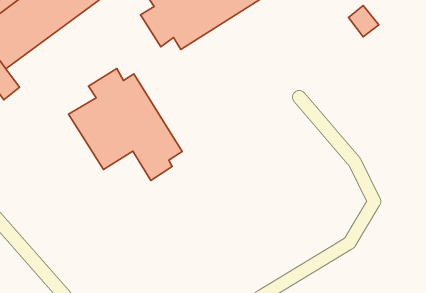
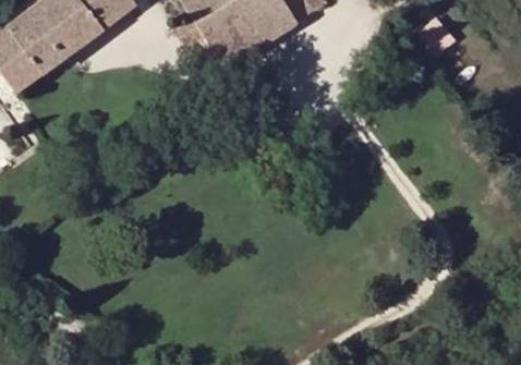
building: [69,68,182,180] -> none

